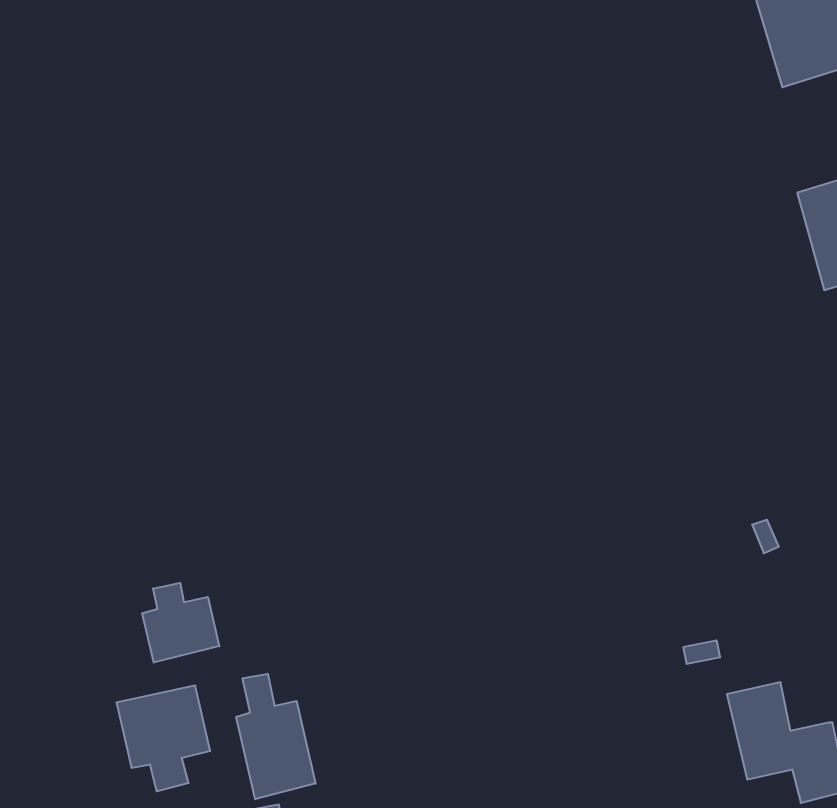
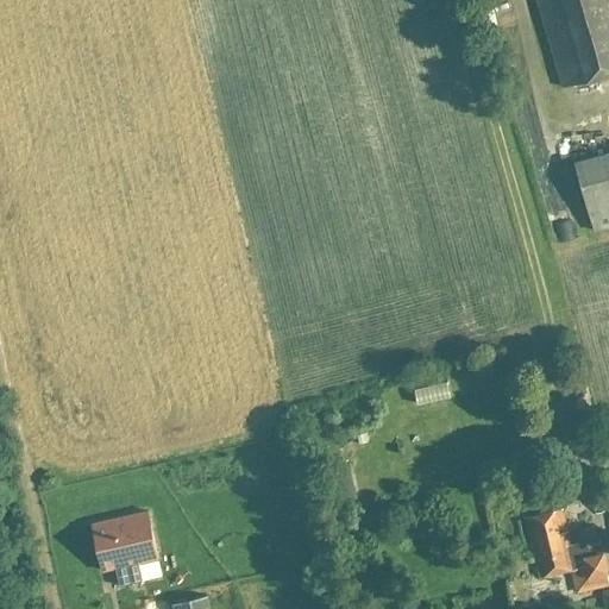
building: [142,583,219,663] -> none
building: [236,674,316,799] -> none

